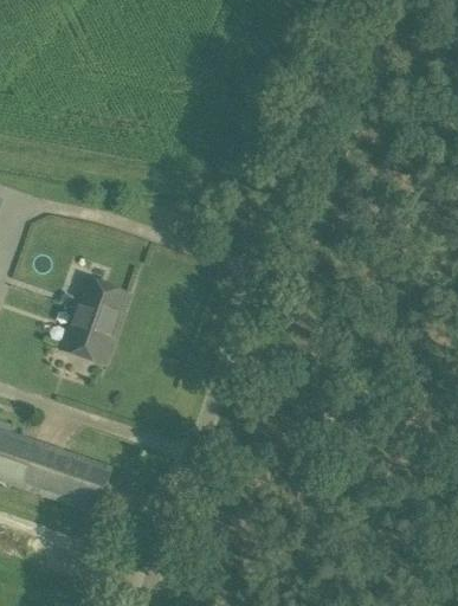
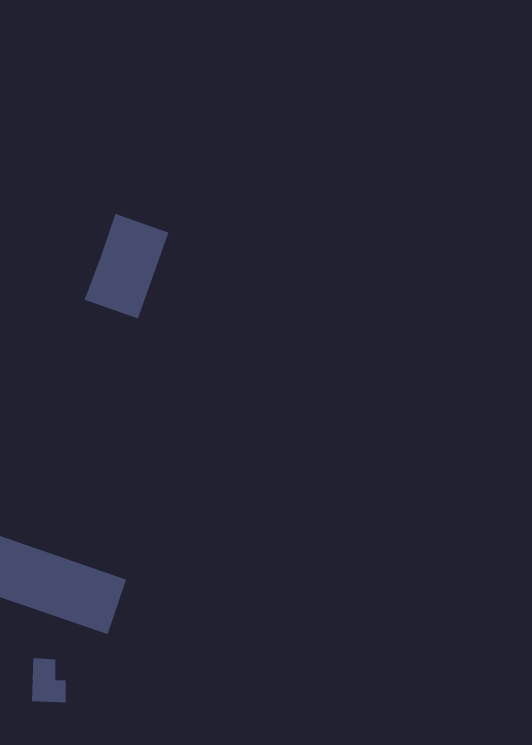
building: [62,279,130,365] -> [84,213,170,319]

